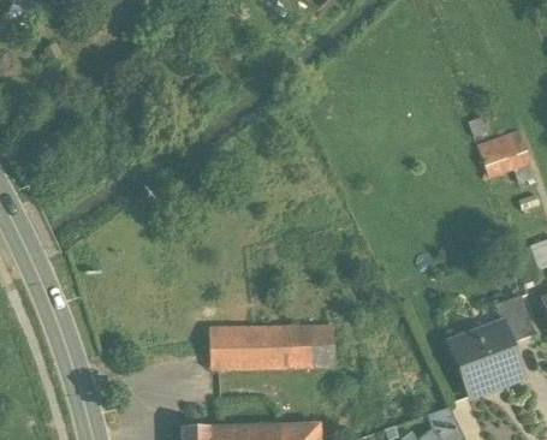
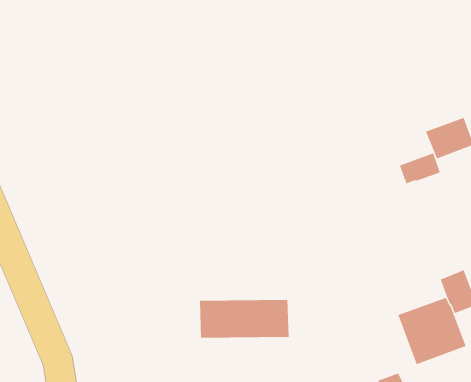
building: none -> [399,152,440,184]
building: [209,327,236,368] -> none

